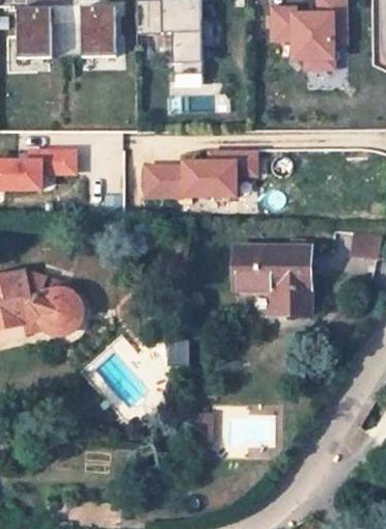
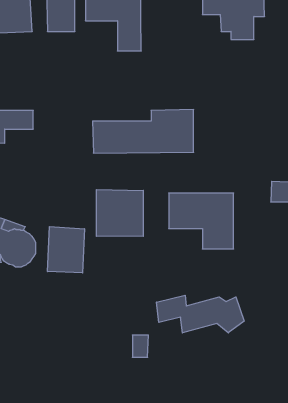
building: none -> [97,190,143,236]
building: none -> [48,227,84,273]
building: none -> [157,295,244,333]

